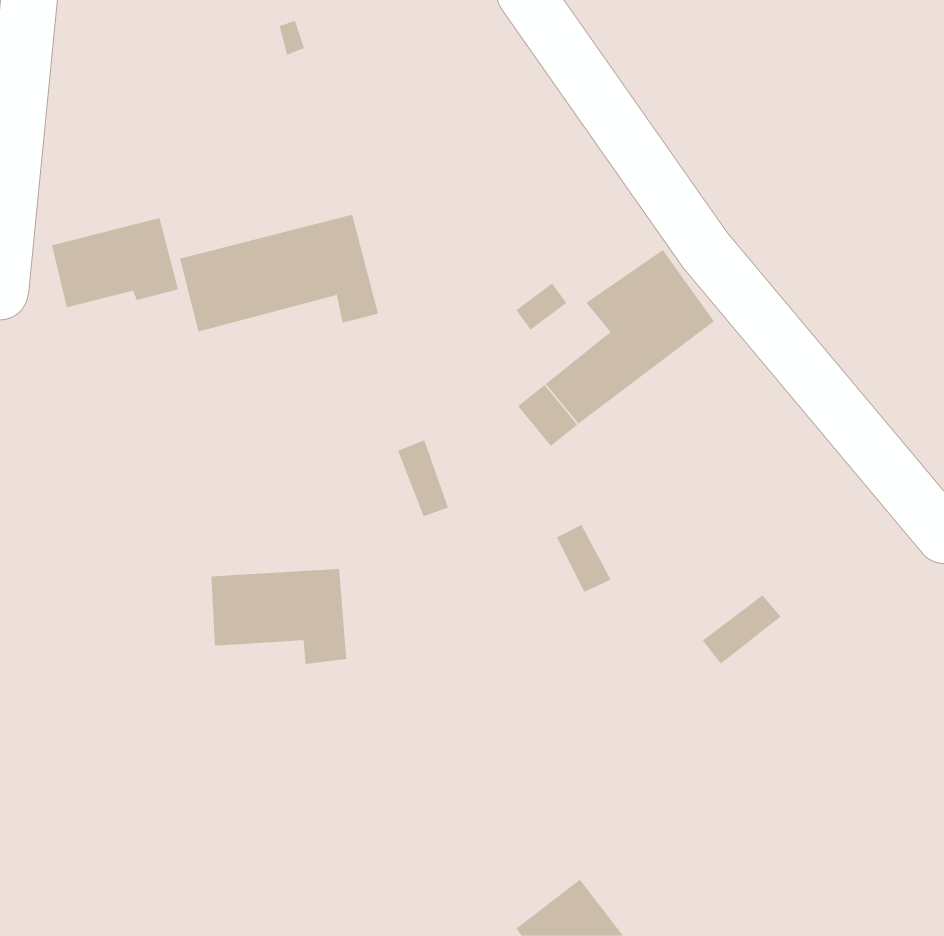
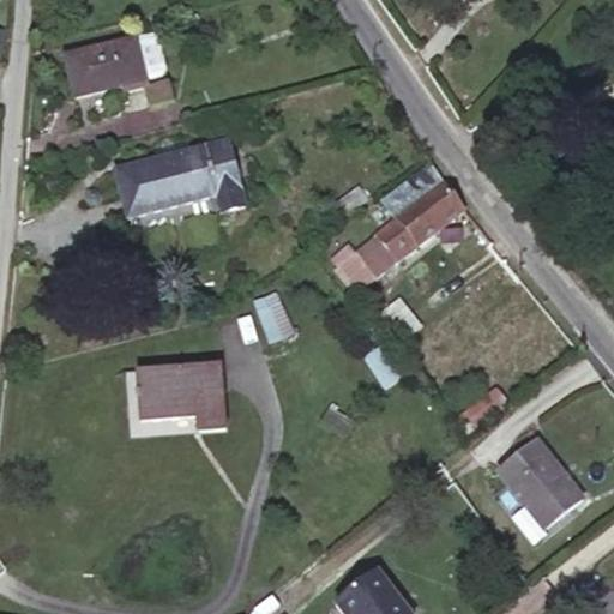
building: [51,217,179,308] -> [65,36,148,95]
building: none -> [498,439,583,526]

